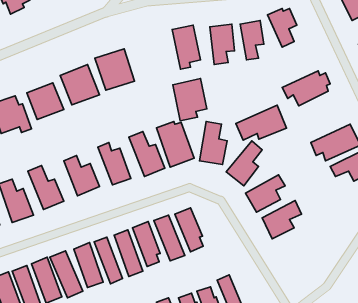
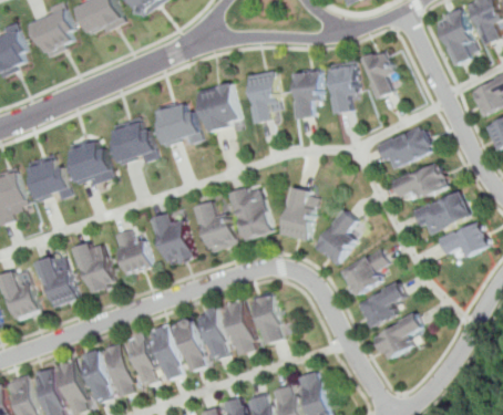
building: [173,79,207,121] -> [196,83,237,134]
building: [236,105,286,140] -> [389,160,450,203]
building: none -> [370,315,419,363]

